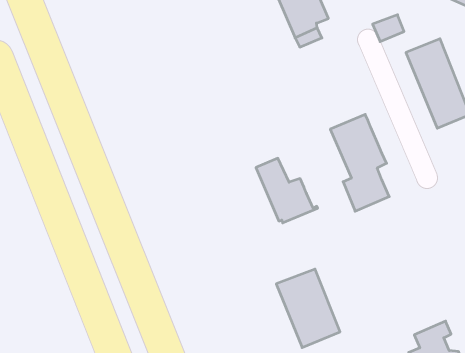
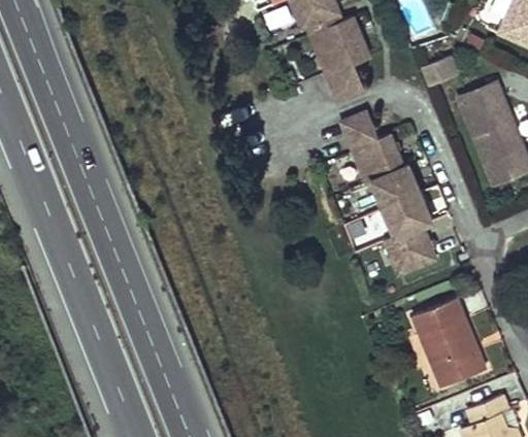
building: [256,158,318,223] -> [341,110,410,182]
building: [276,269,340,348] -> [411,299,483,386]

